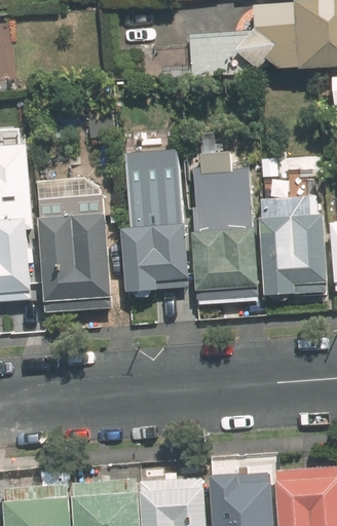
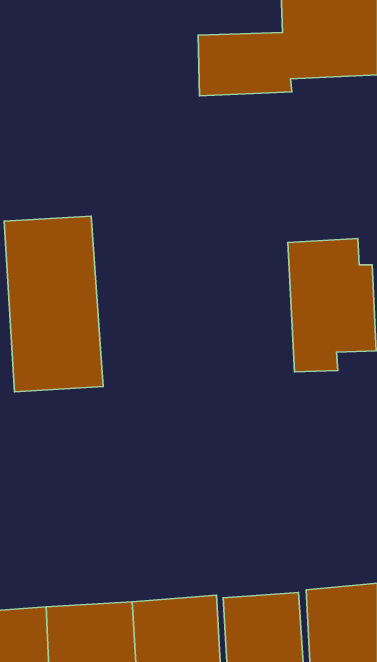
building: [119,149,185,296] -> none
building: [193,150,258,305] -> none

